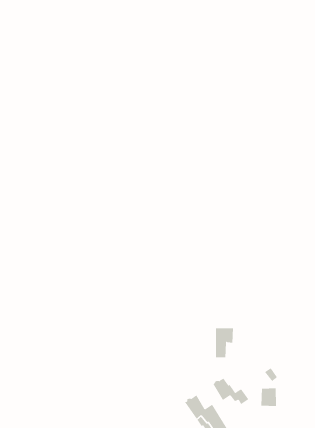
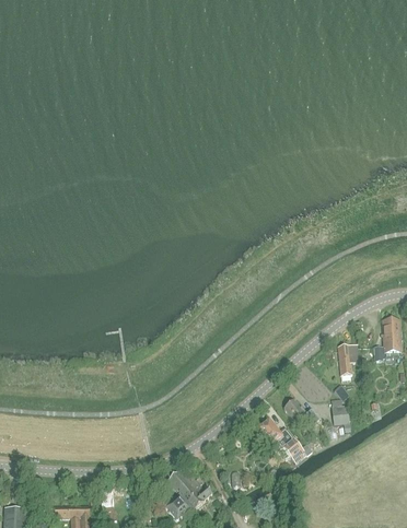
building: [215,328,234,358] -> [337,343,357,375]

